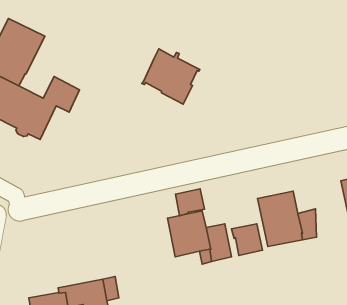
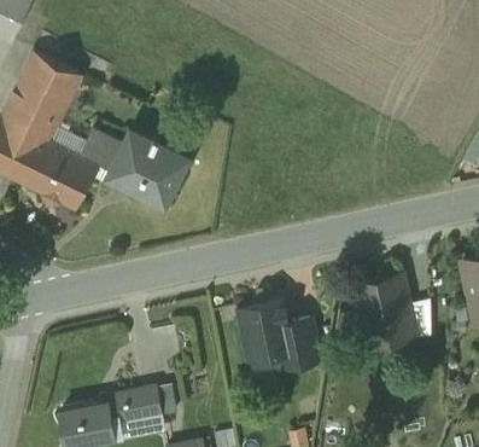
building: [142,49,200,104] -> [110,130,185,202]
building: [175,189,204,216] -> none
building: [232,224,262,255] -> none

